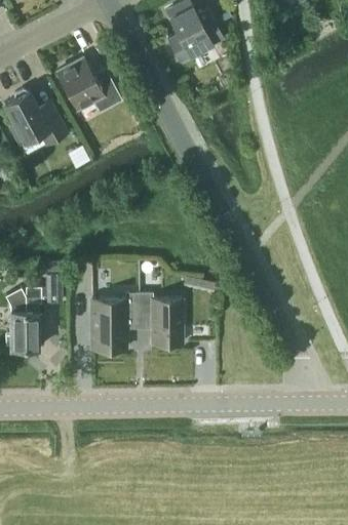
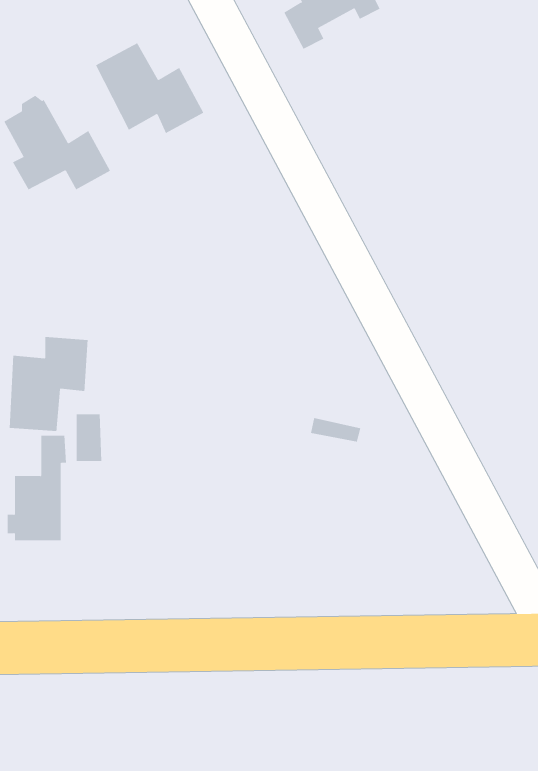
building: none -> [9,336,88,432]
building: [90,293,182,350] -> none

